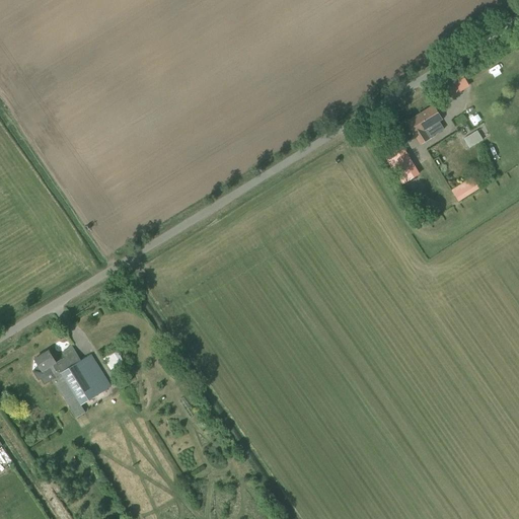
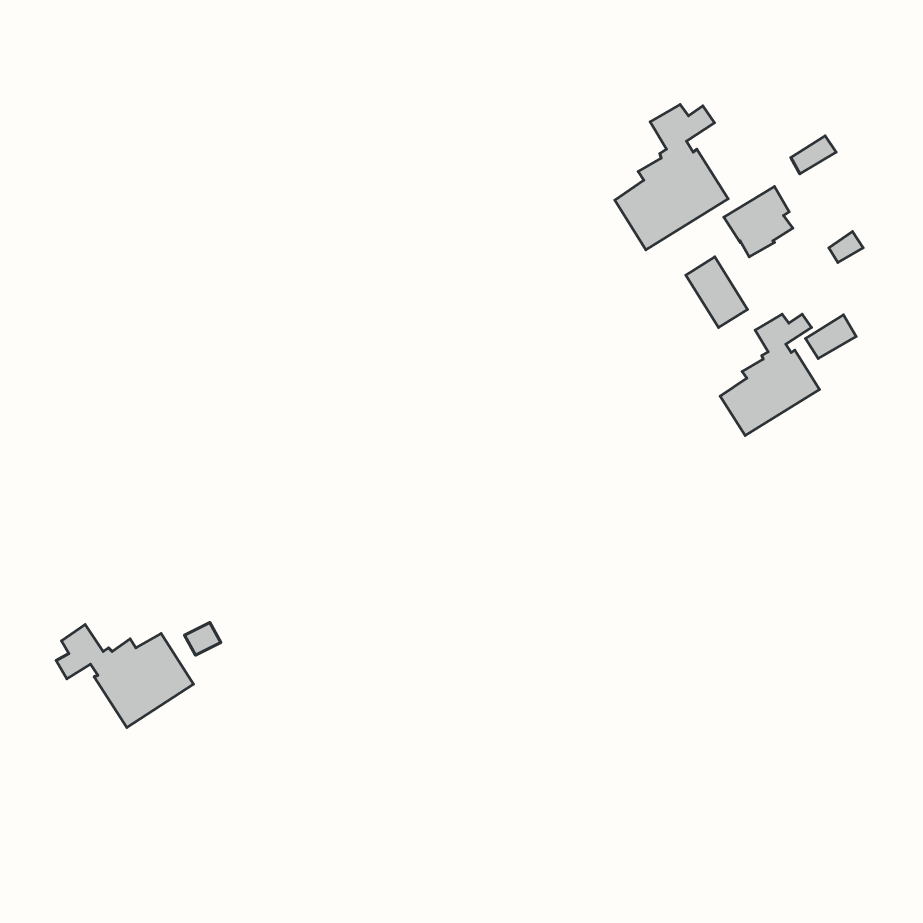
building: none -> [615,104,728,250]
building: none -> [720,314,819,436]

